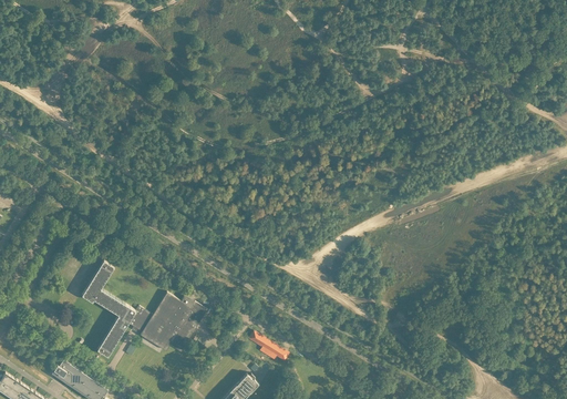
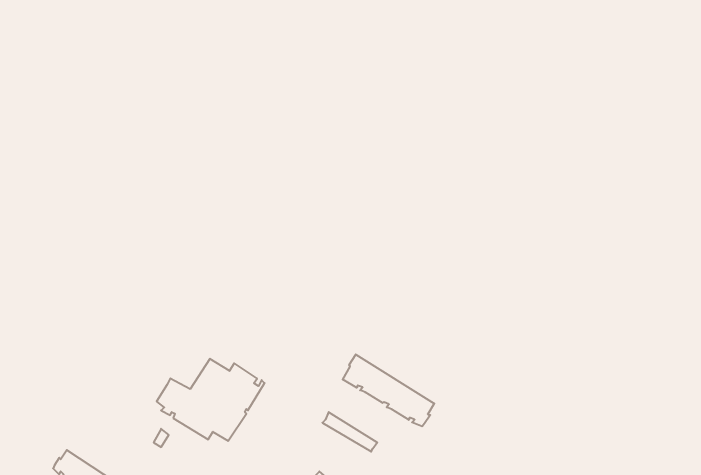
building: [81,260,135,357] -> none
building: none -> [343,354,434,426]

